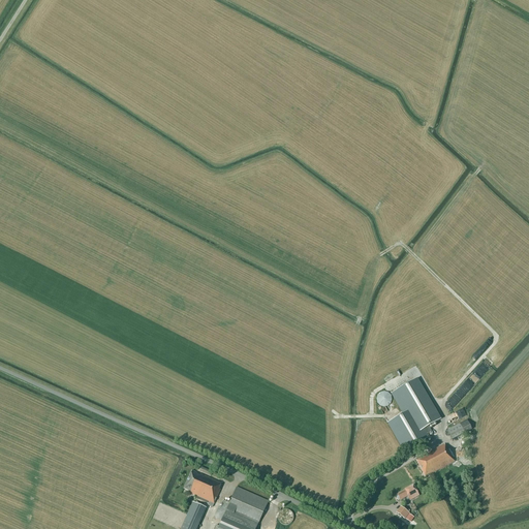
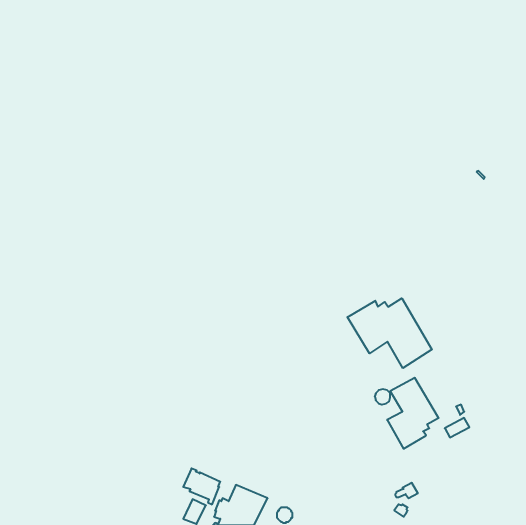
building: none -> [347,298,432,368]
building: [415,443,455,476] -> none

